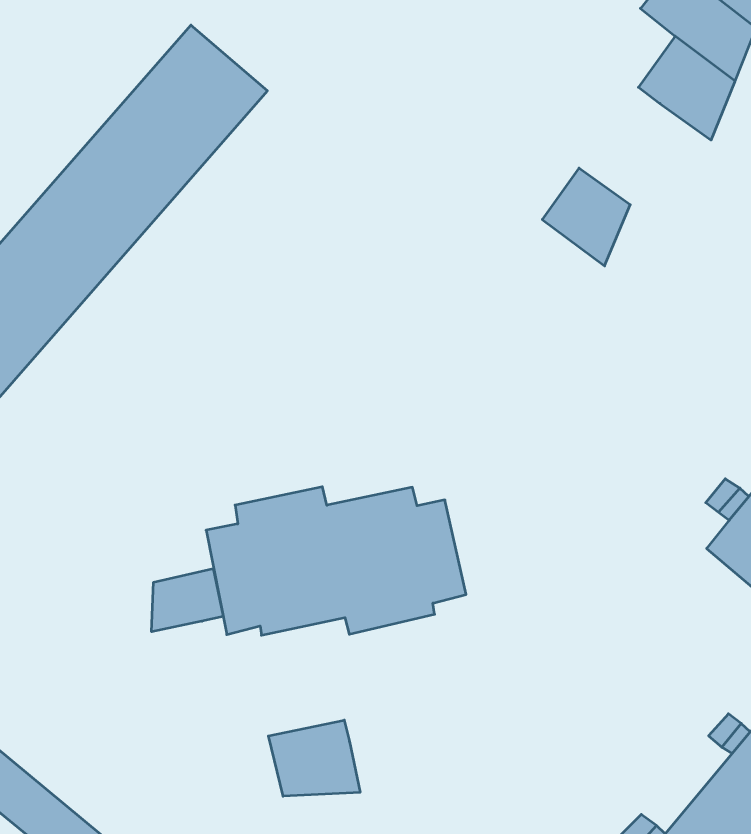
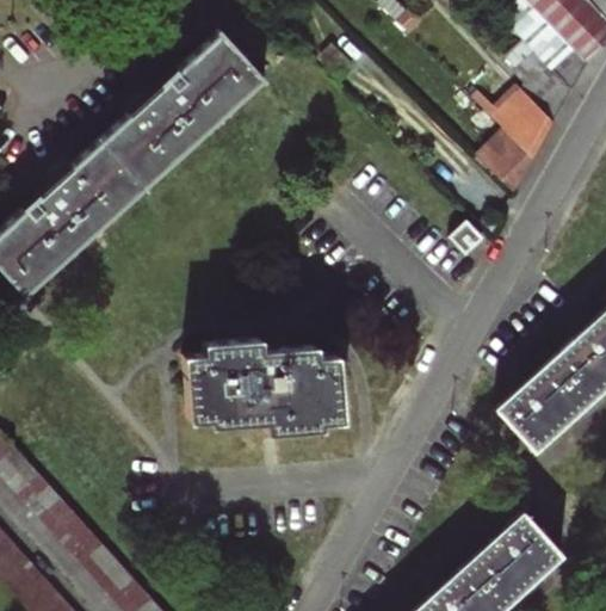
building: [542,168,630,266] -> [480,130,536,193]
building: [152,569,223,632] -> none
building: [268,720,360,796] -> none

